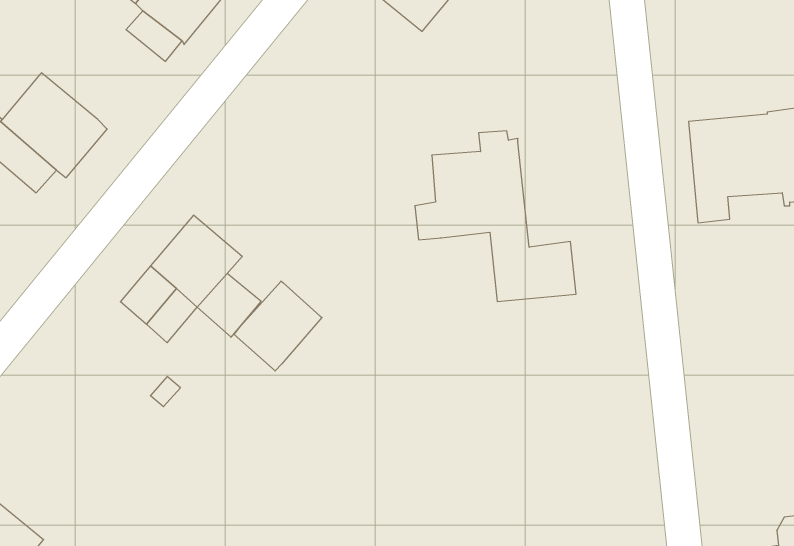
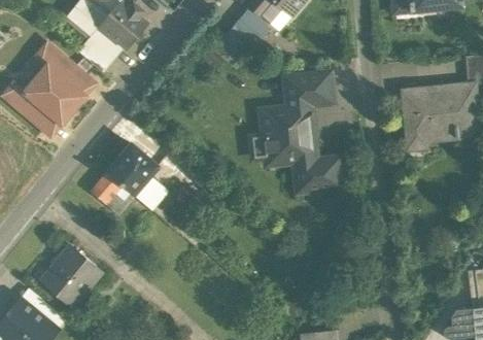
building: none -> [35,42,90,92]
building: none -> [285,74,332,104]
building: [234,281,322,371] -> none
building: none -> [38,244,101,307]

